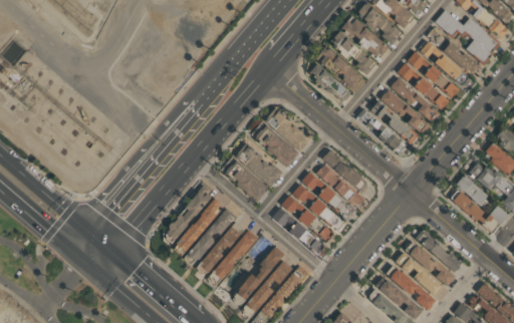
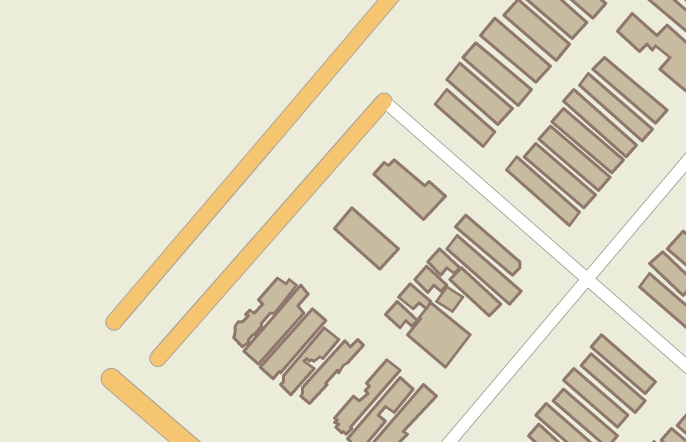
building: [257,124,301,168] -> none
building: [227,159,270,202] -> none

